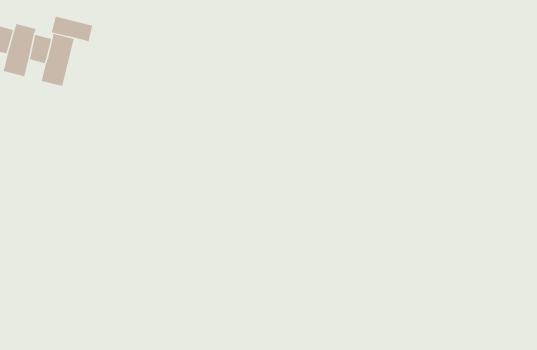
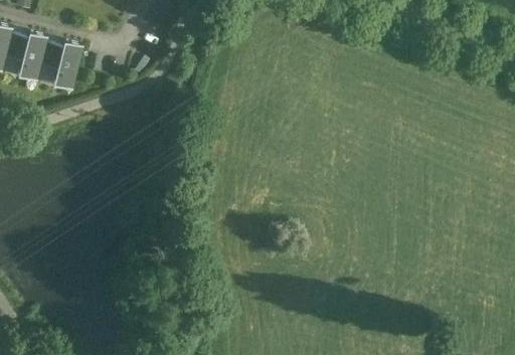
building: [51,16,93,42] -> none

